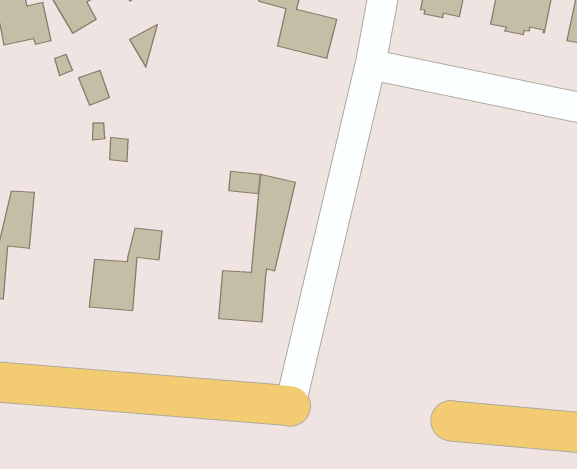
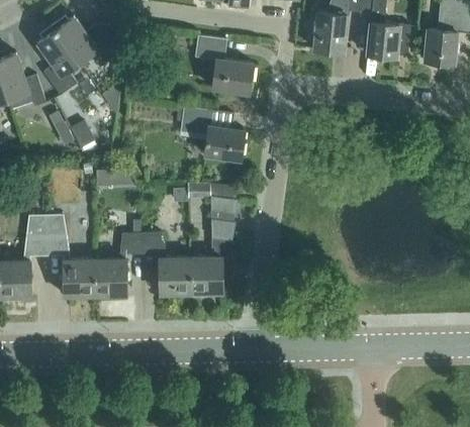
building: none -> [176,107,245,159]
building: none -> [45,215,95,295]
building: none -> [143,232,191,294]

